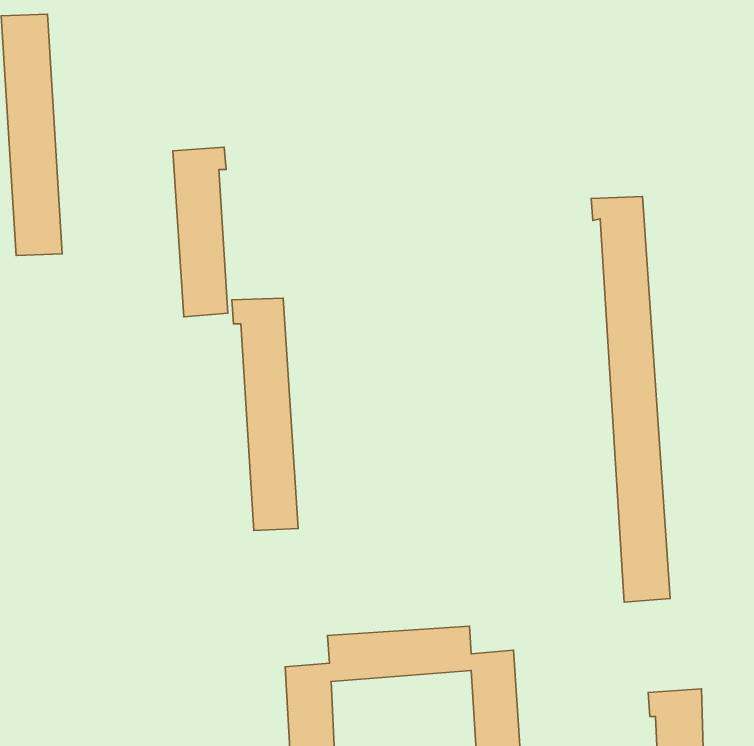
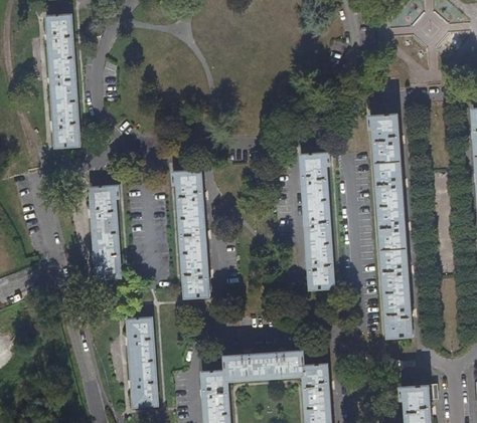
building: [173,147,228,317] -> [90,186,120,278]
building: none -> [300,154,333,288]
building: none -> [127,318,157,406]

